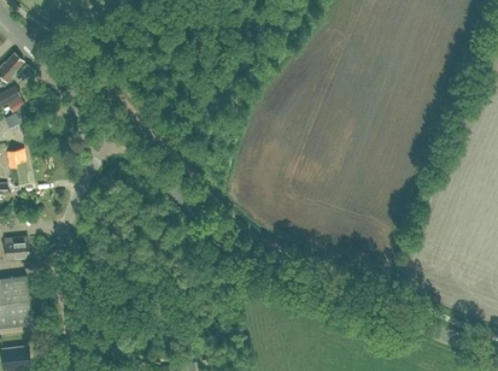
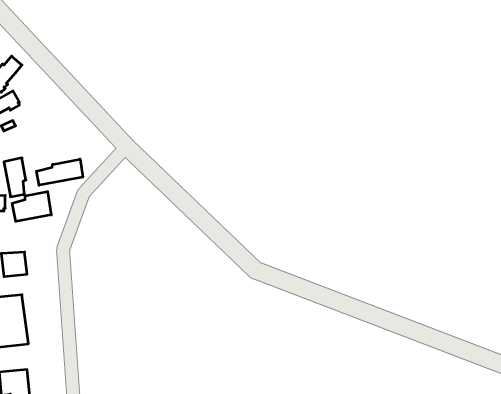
building: none -> [36,159,83,185]
building: none -> [12,192,51,221]

